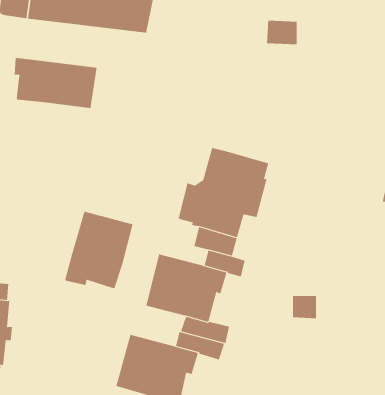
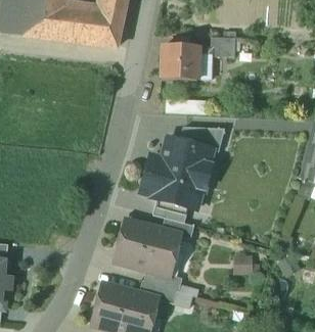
building: none -> [163,44,198,80]
building: [14,57,97,109] -> none
building: none -> [180,126,225,151]
building: [65,211,133,289] -> none

